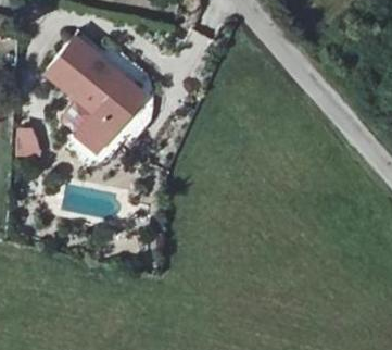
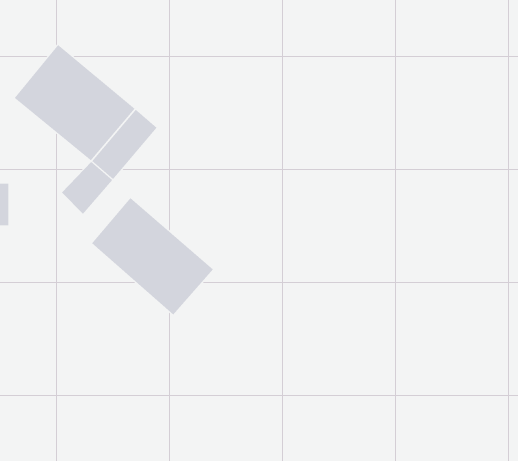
building: none -> [91,197,214,315]

